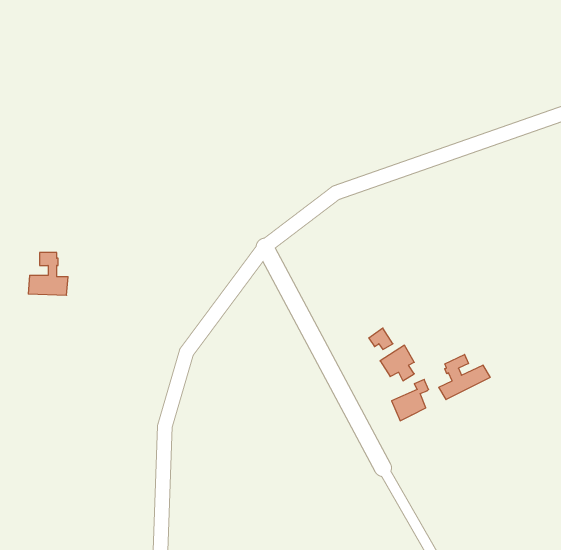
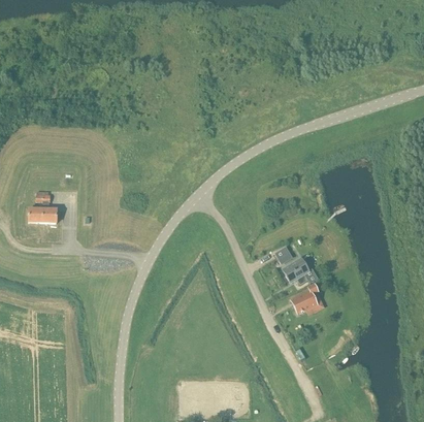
building: [439,354,490,400] -> none

